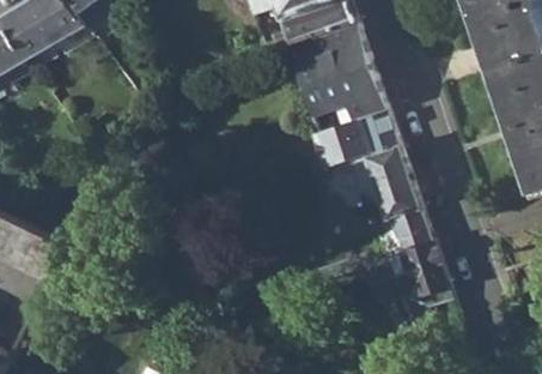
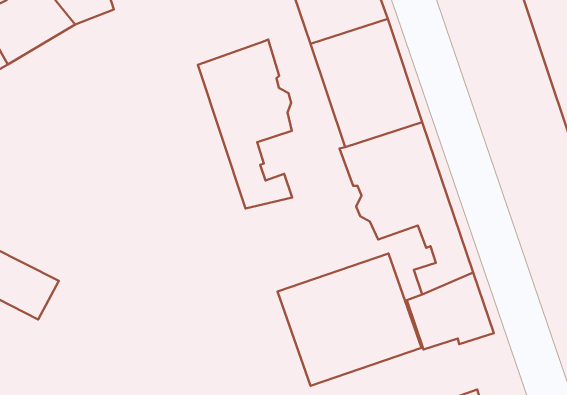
building: none -> [198,40,292,209]
building: none -> [277,254,421,386]

